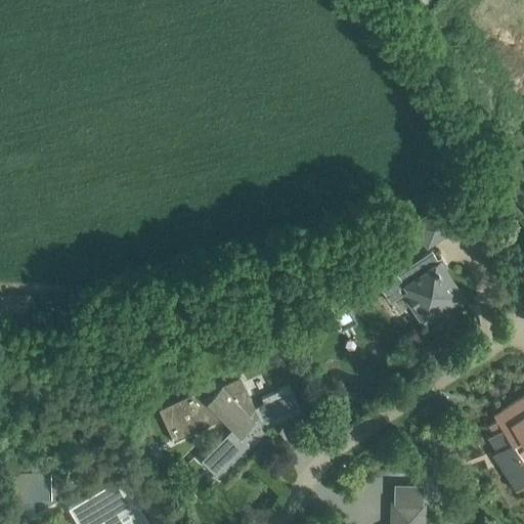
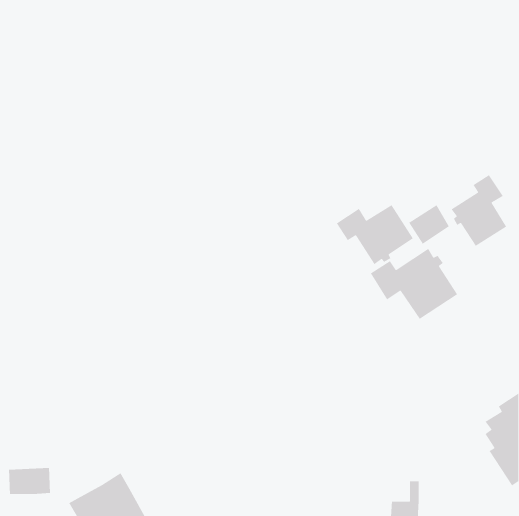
building: none -> [451,174,507,247]
building: none -> [336,204,414,265]
building: [159,379,301,471] -> none

